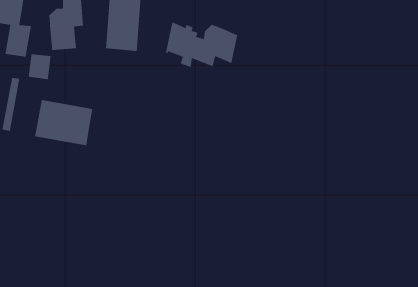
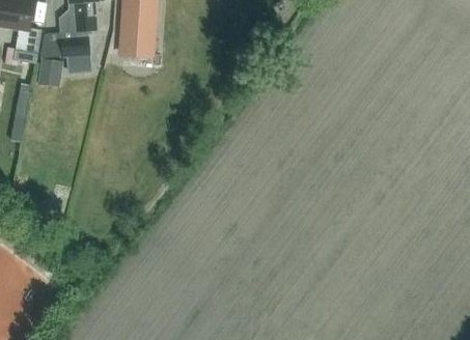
building: [165,21,238,68] -> none
building: [34,99,93,146] -> none

